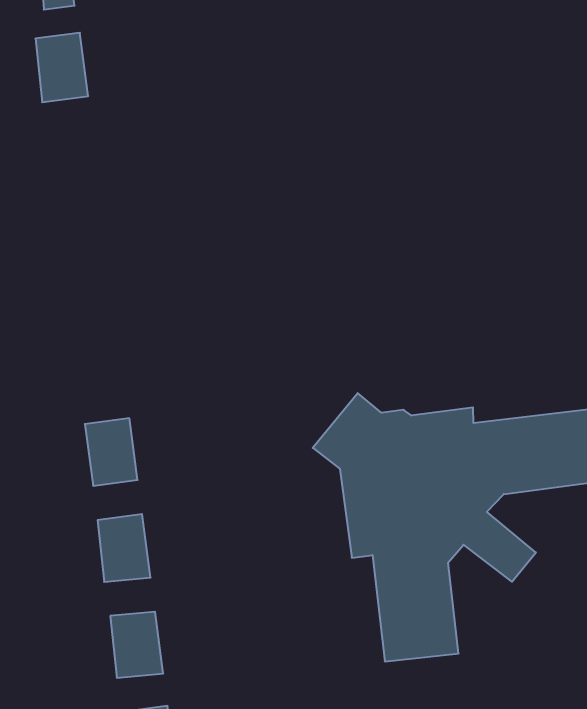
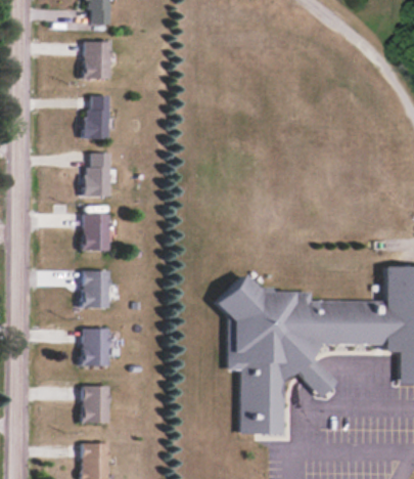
building: none -> [84,95,109,139]
building: none -> [85,153,110,198]
building: none -> [83,214,110,252]

